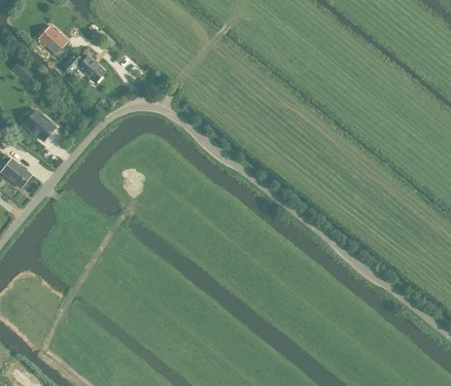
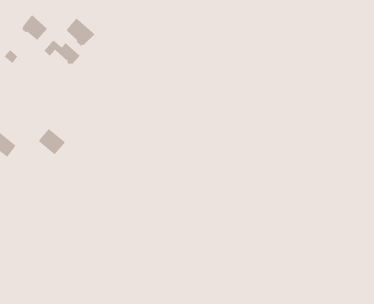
building: none -> [66,17,95,47]
building: [22,109,54,140] -> [38,128,66,155]

